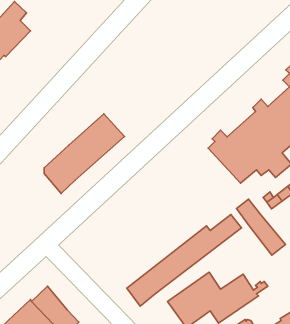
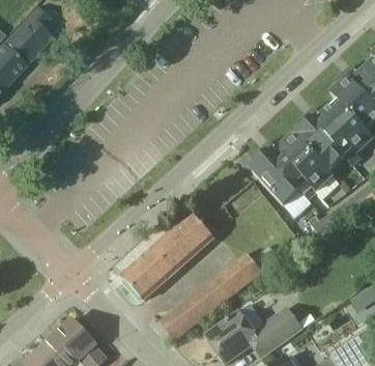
building: [44,114,125,193] -> [125,212,213,299]
building: [236,199,286,255] -> none

